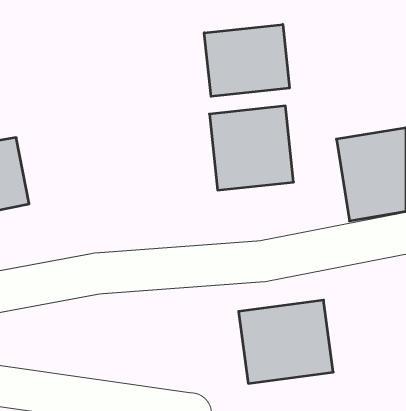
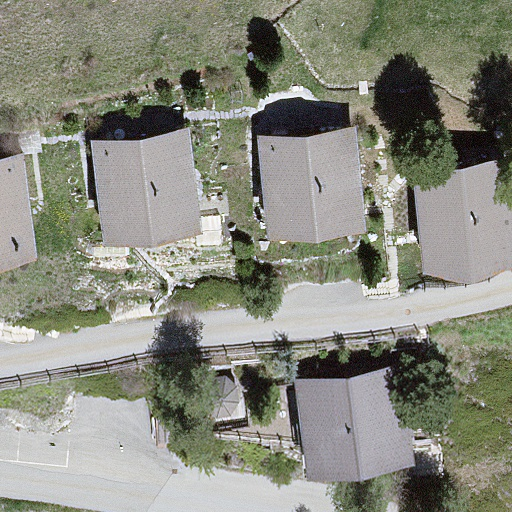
building: [204,24,289,96] -> none
building: none -> [90,137,196,247]

